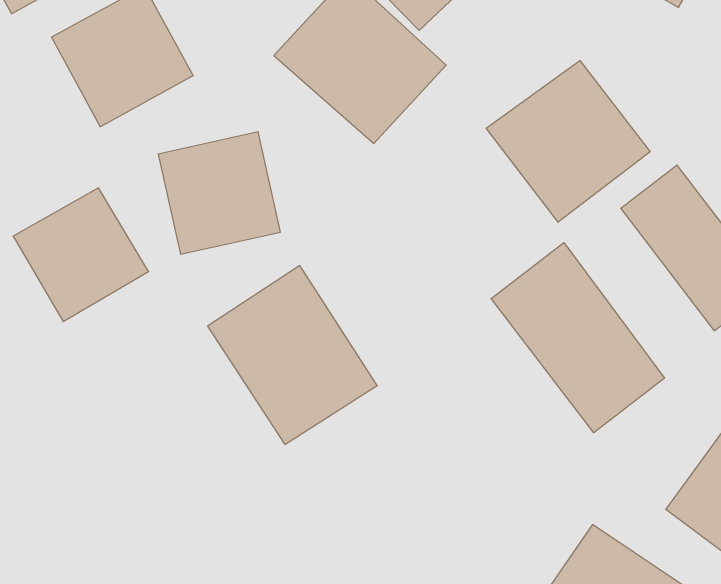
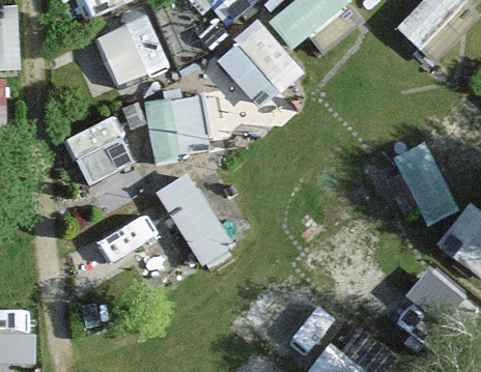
building: [486,60,650,222] -> none
building: [491,243,665,433] -> none

